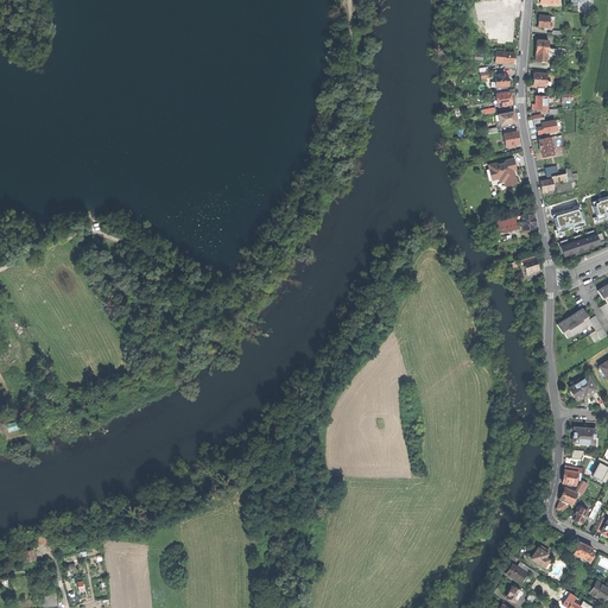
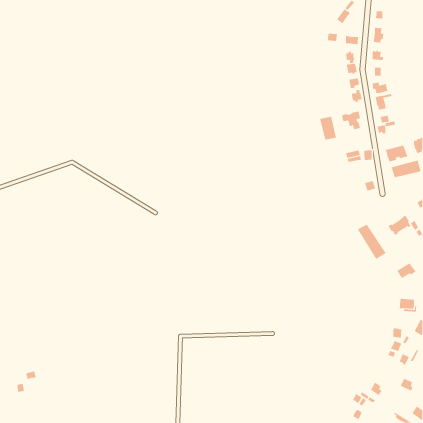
building: none -> [319,116,336,140]
building: none -> [357,224,387,260]

